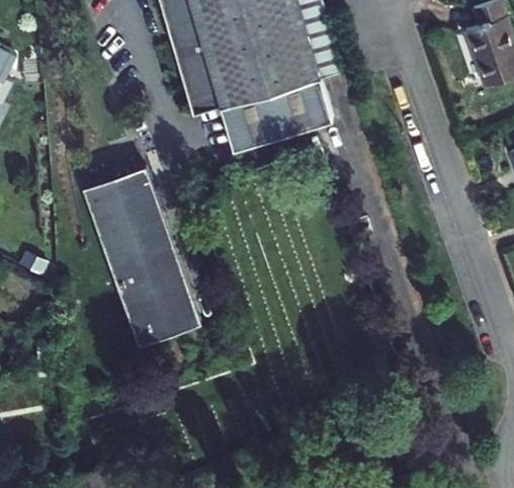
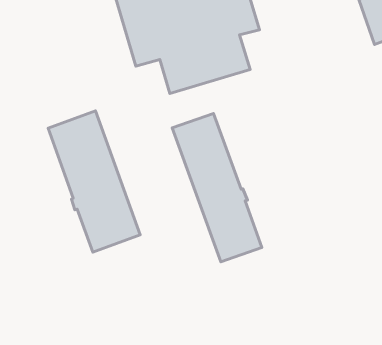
building: none -> [172,113,262,262]

